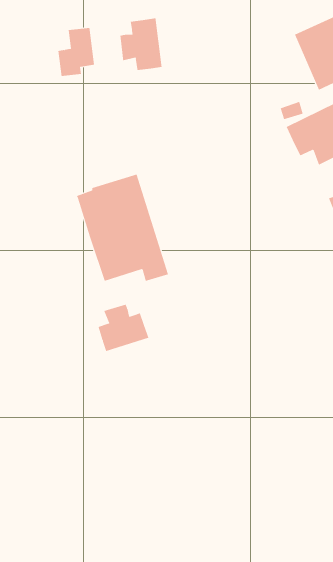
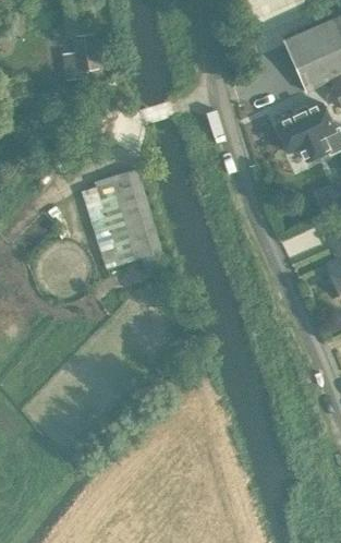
building: [120,17,162,71] -> none
building: [98,304,149,352] -> none

